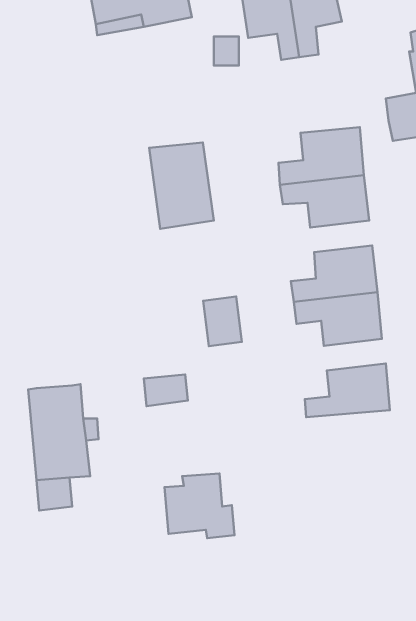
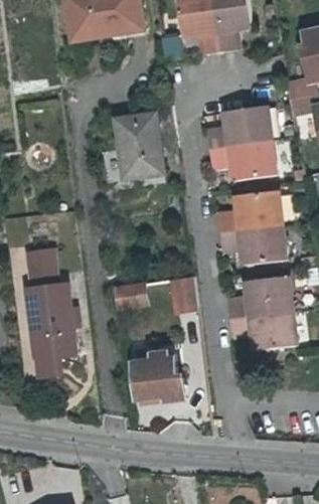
building: [203,297,242,346] -> [170,278,198,314]
building: none -> [29,260,59,295]
building: none -> [230,311,296,348]

